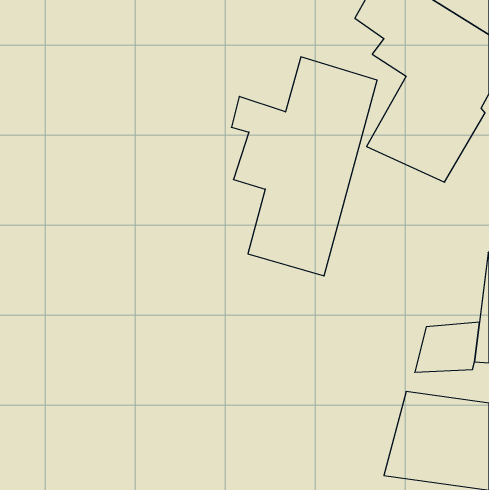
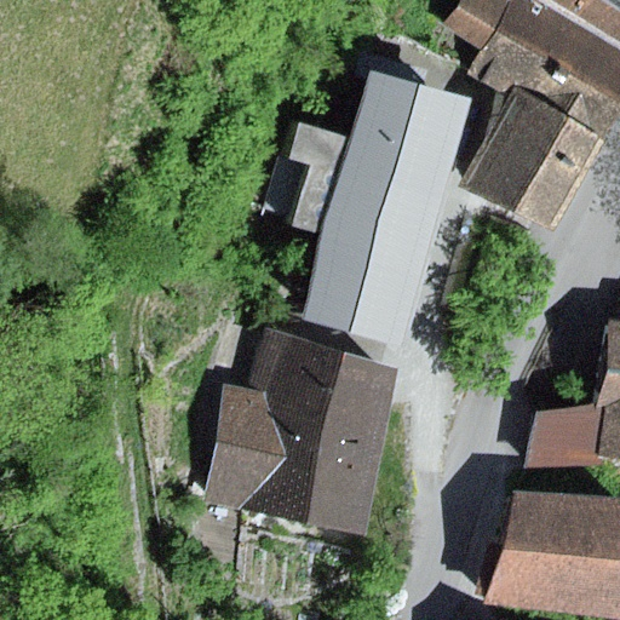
building: none -> [206,329,401,532]

